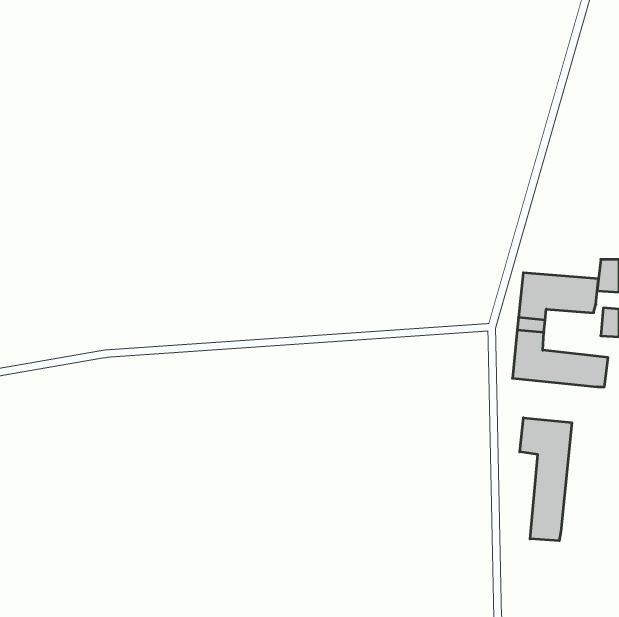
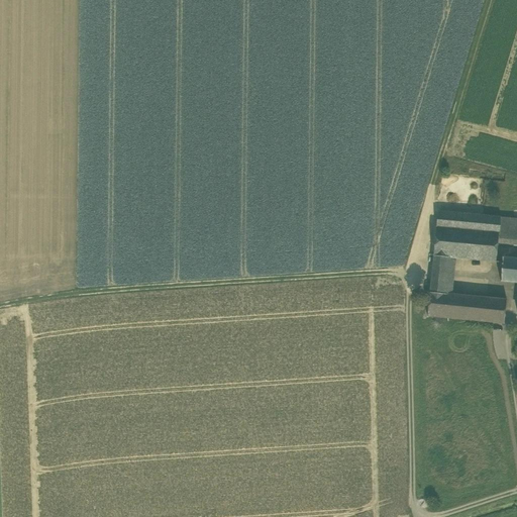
building: none -> [436,210,501,232]
building: [520,418,572,541] -> none

